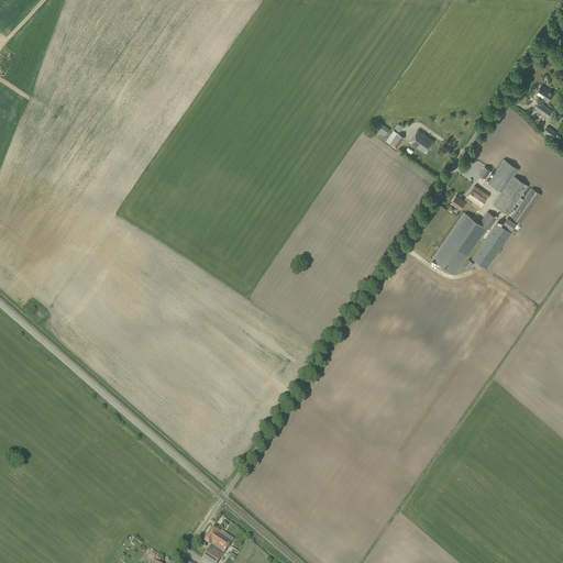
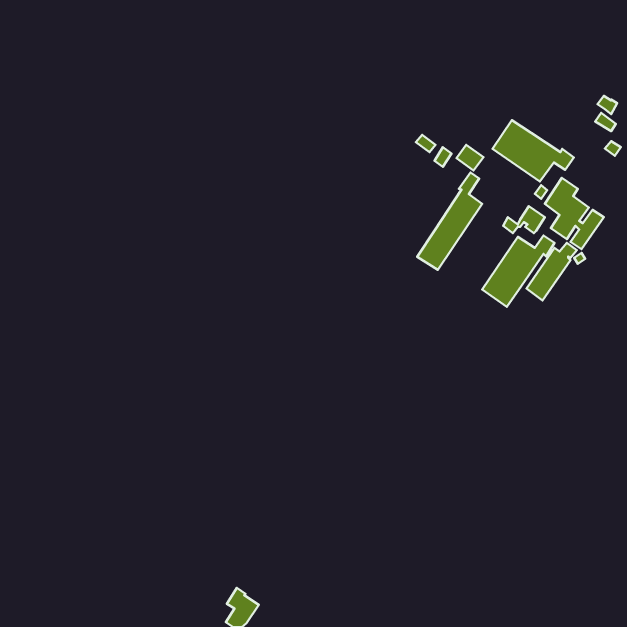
building: none -> [493,120,574,182]
building: none -> [417,172,482,270]

